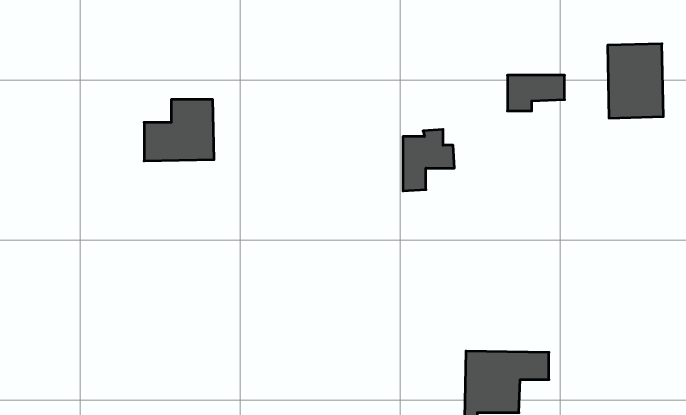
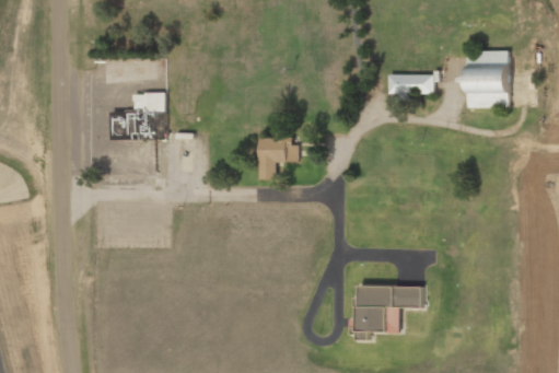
building: [403,129,454,191] -> [258,132,298,179]

